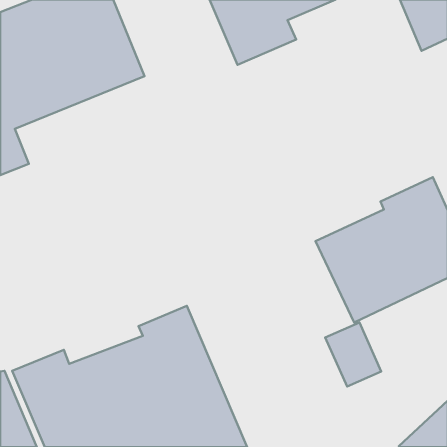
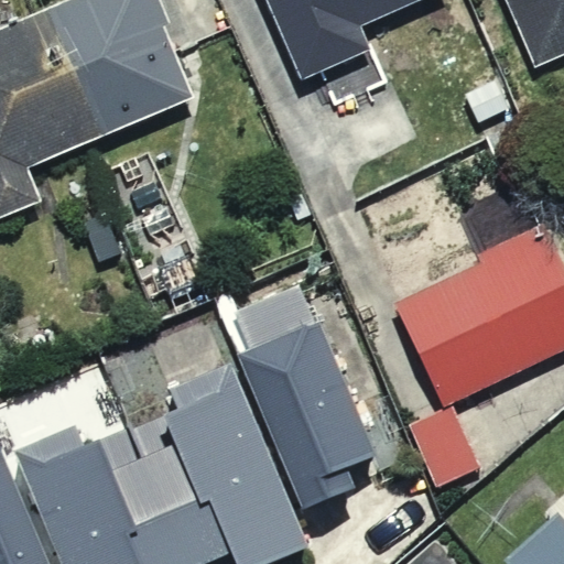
building: none -> [236,294,384,533]

